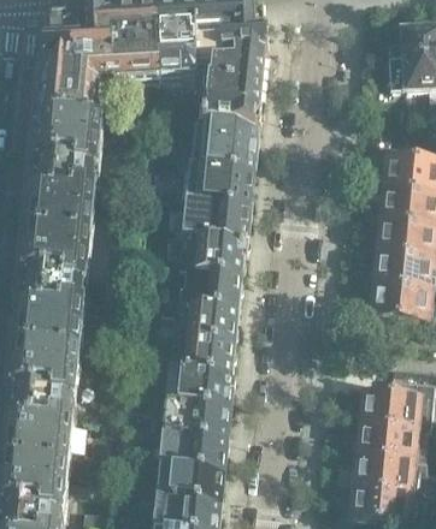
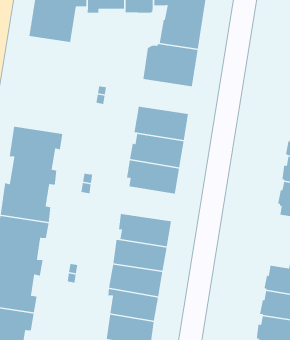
building: [30,117,106,237] -> none
building: [187,162,254,202] -> none
building: [172,299,241,339] -> none

